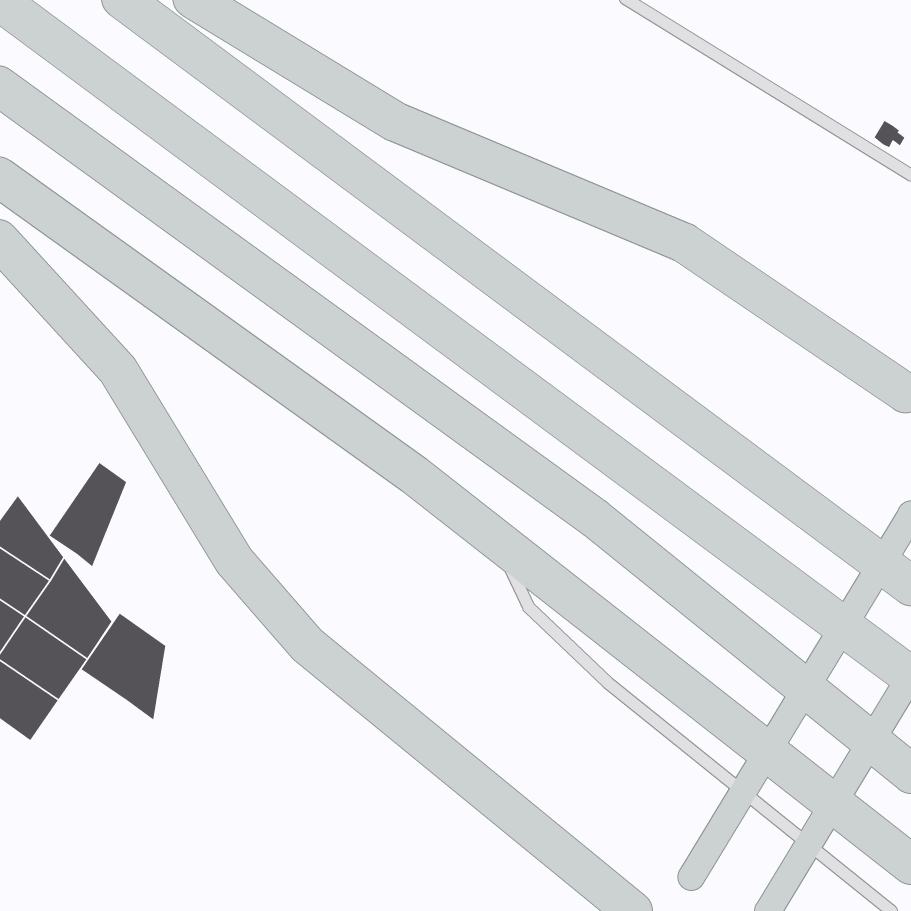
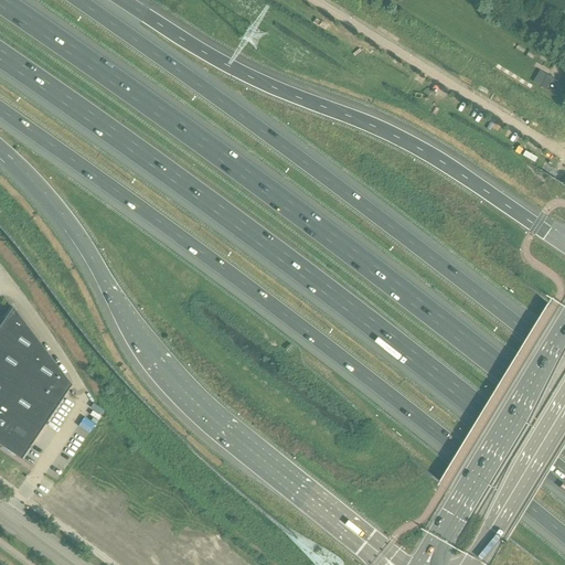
building: [48,462,127,567] -> none
building: [80,613,166,721] -> none

